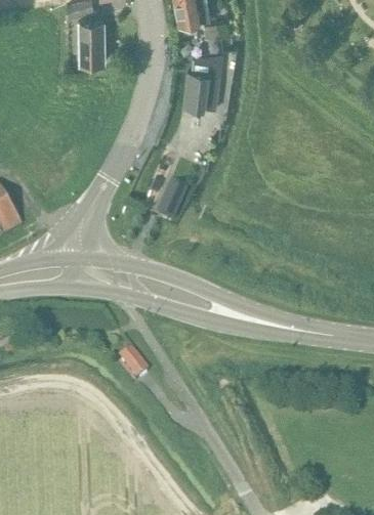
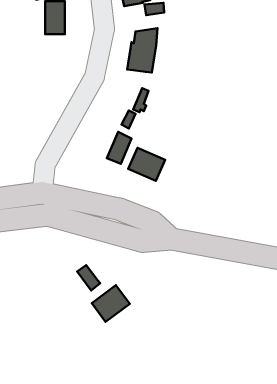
building: none -> [128,148,165,181]
building: none -> [92,285,130,322]

